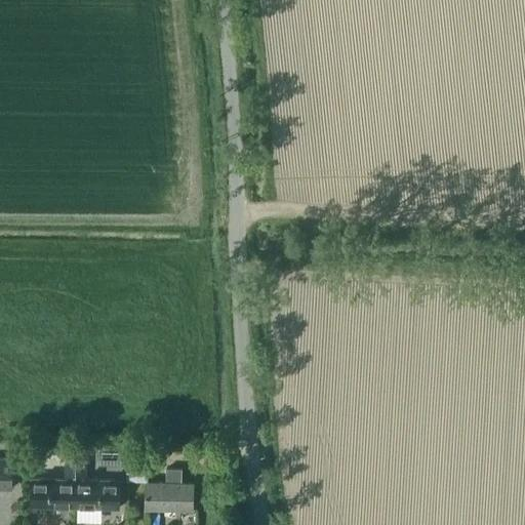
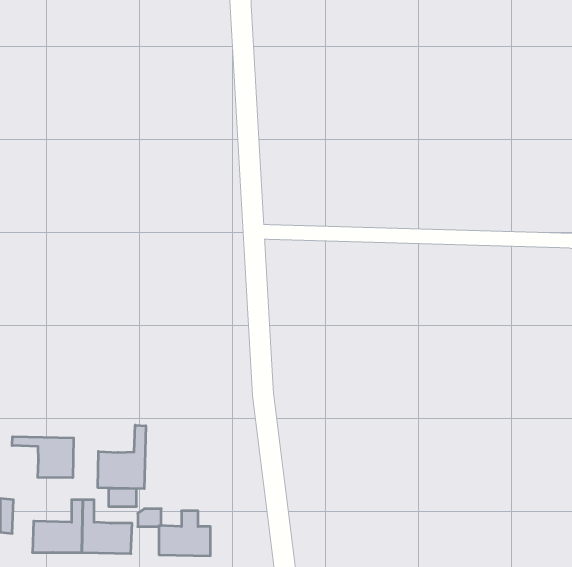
building: none -> [98,425,146,489]
building: none -> [12,437,74,478]

